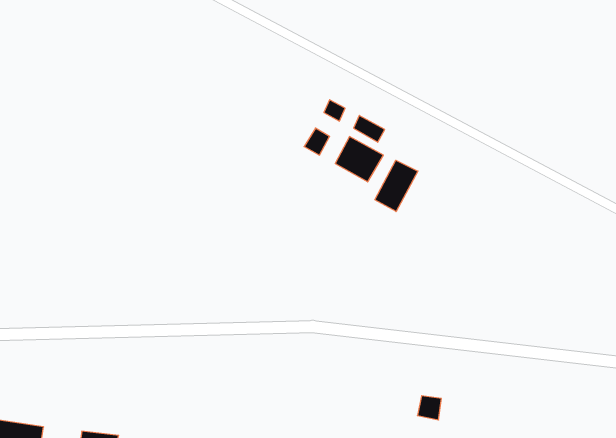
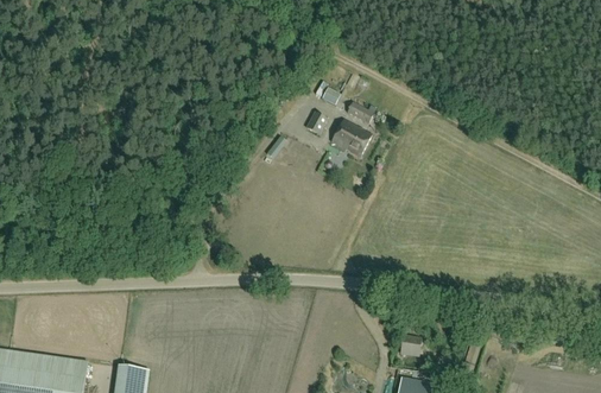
building: [375,160,418,212] -> none

